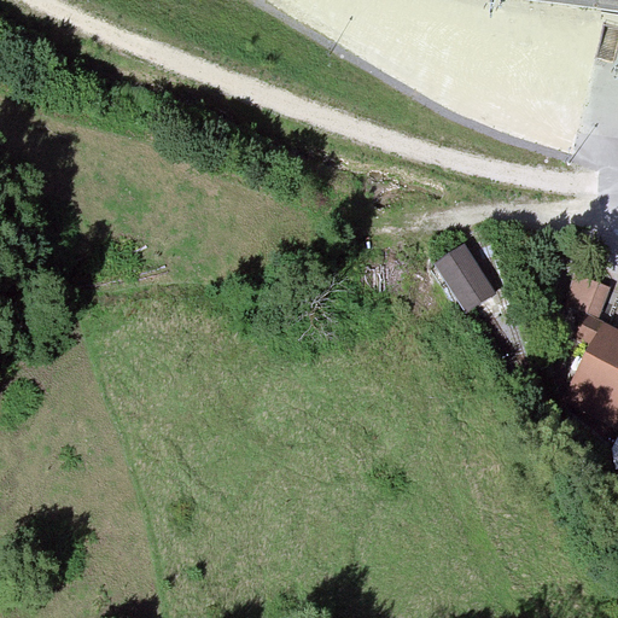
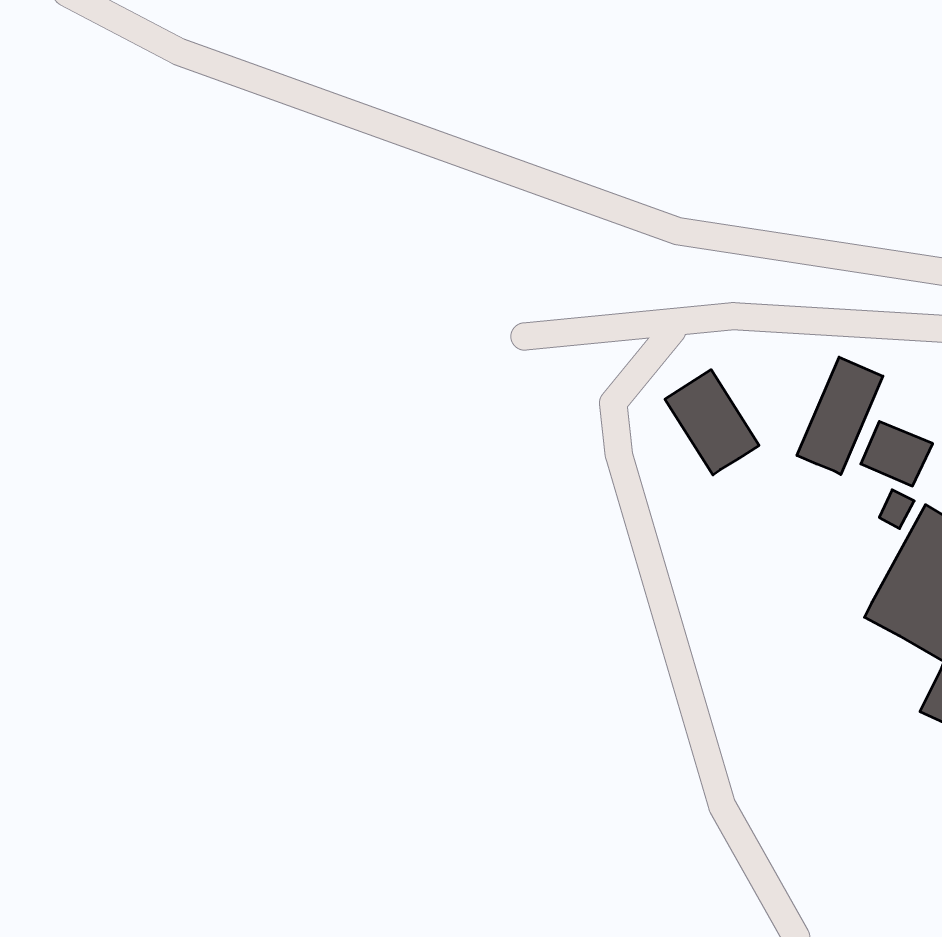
building: none -> [797,357,883,475]

